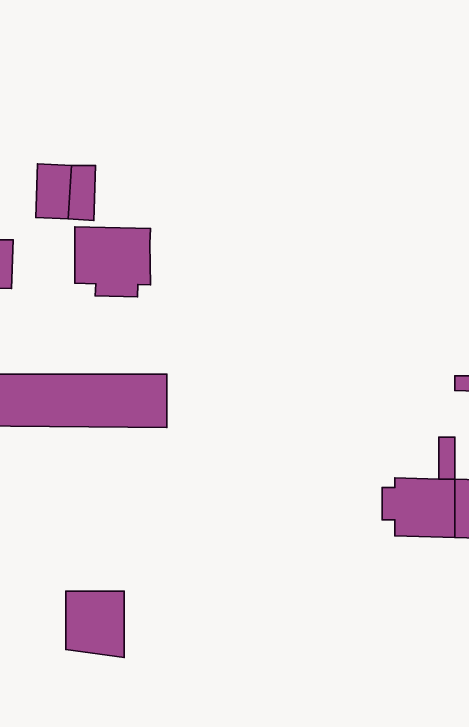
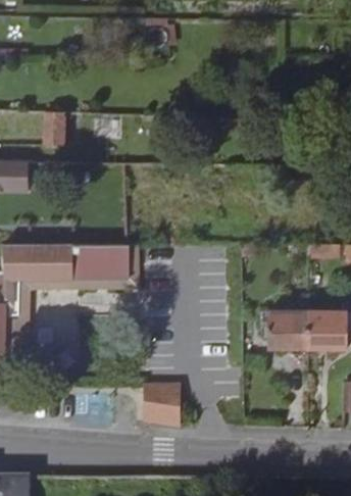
building: [75,227,150,297] -> none
building: [66,591,124,658] -> [144,384,181,426]

